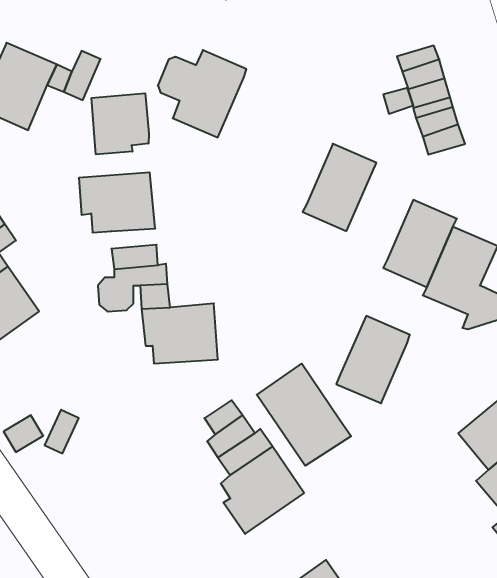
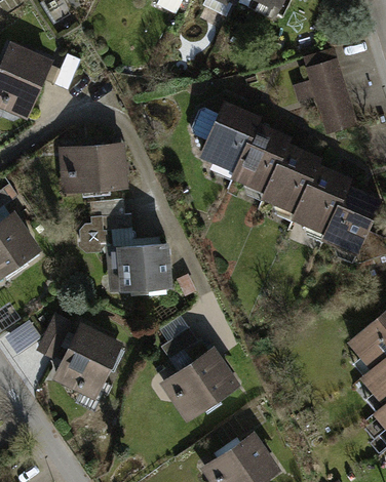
building: [158,50,246,137] -> [191,104,258,169]
building: [92,93,149,154] -> none
building: [336,316,410,403] -> [263,146,318,211]
building: [257,364,351,466] -> none
building: none -> [56,328,118,390]

